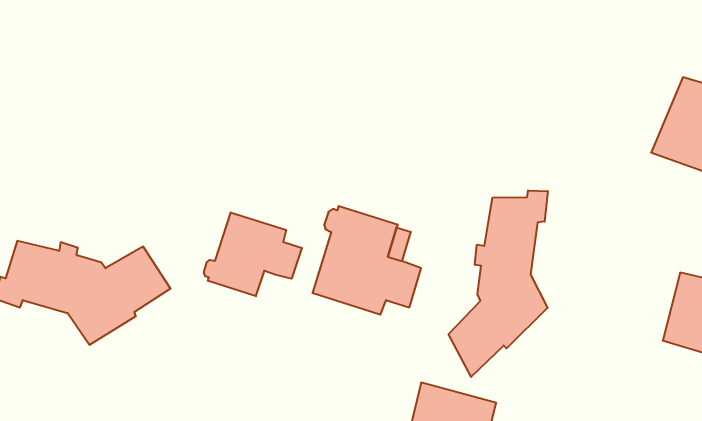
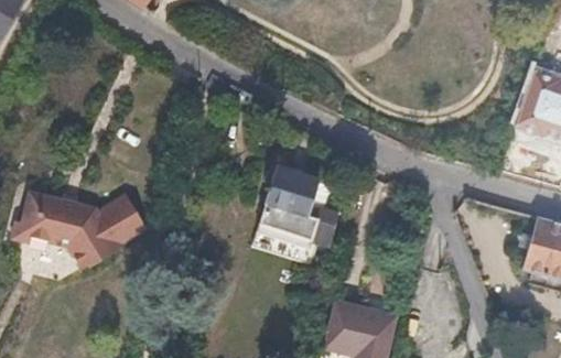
building: [449,190,548,377] -> none
building: [204,212,302,296] -> none

